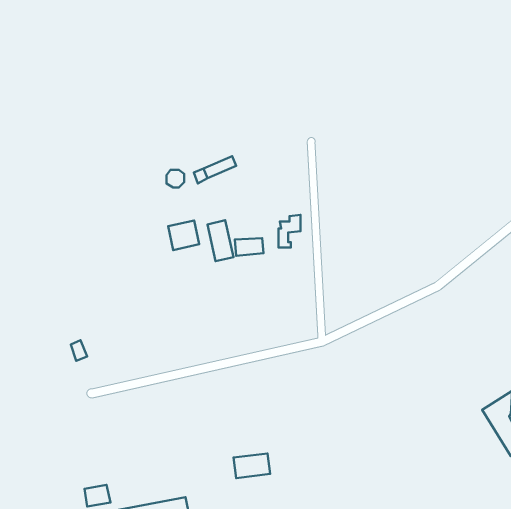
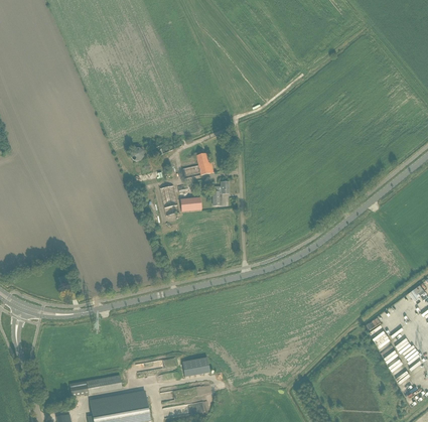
building: none -> [182,152,213,177]
building: [168,220,199,250] -> none

